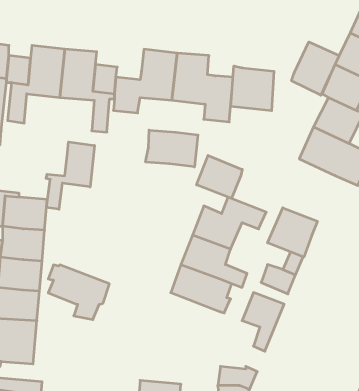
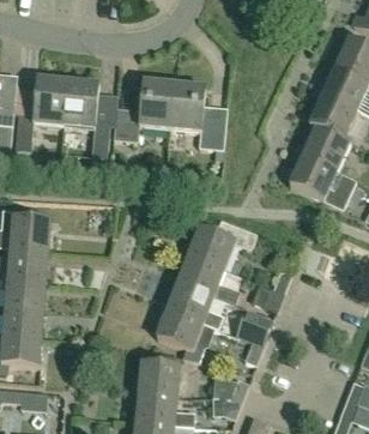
building: [292,42,339,95] -> none
building: [231,66,274,111] -> none
building: [146,130,198,167] -> none
building: [46,142,94,209] -> none
building: [197,155,242,198] -> none
building: [268,208,317,257] -> none
building: [48,265,109,320] -> [157,309,214,361]
building: none -> [139,363,180,396]

